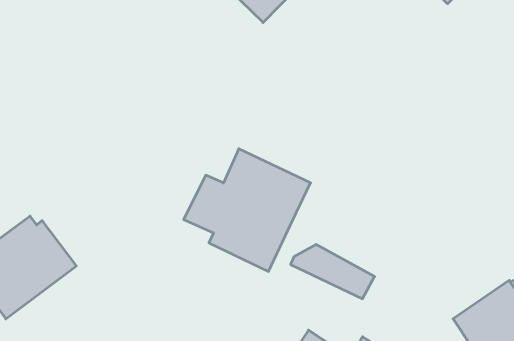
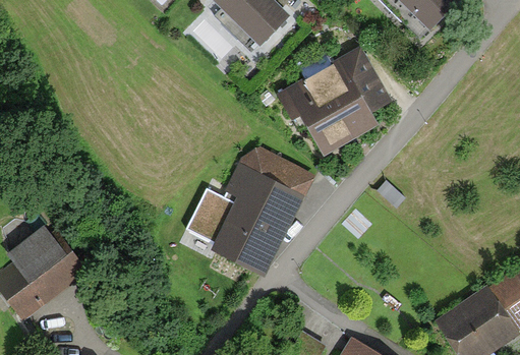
building: none -> [277,44,393,156]
building: [291,245,375,299] -> [237,145,314,195]

